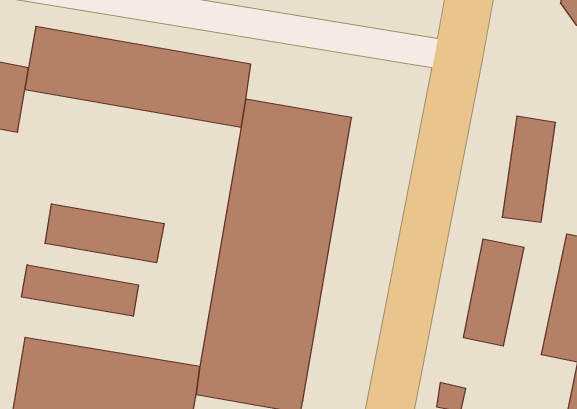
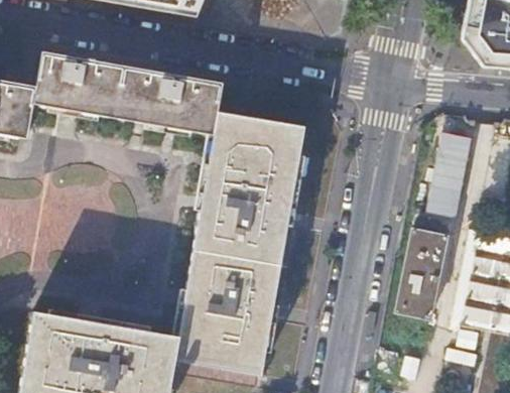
building: [45,204,164,263] -> none
building: [22,265,138,316] -> none

